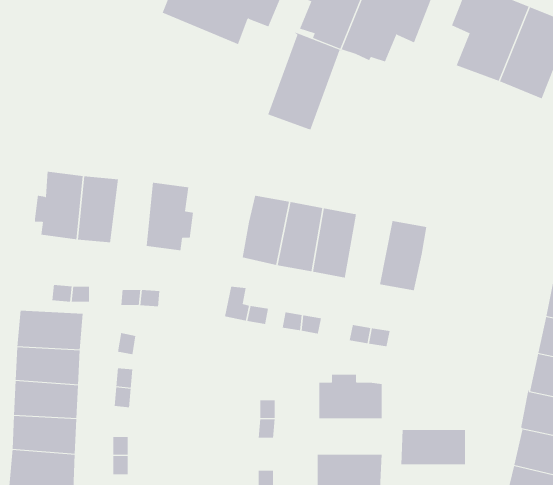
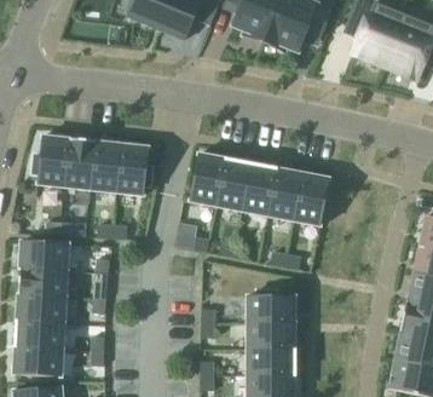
building: [267,31,343,131] -> none
building: none -> [90,140,121,191]
building: none -> [267,167,302,220]
building: [400,430,466,465] -> [246,322,295,349]

